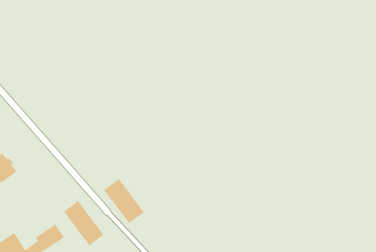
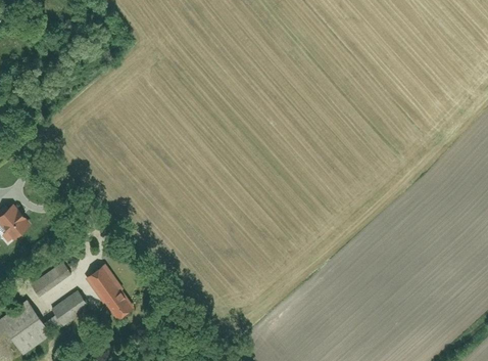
building: [103,178,145,224] -> none
building: none -> [29,263,69,297]

